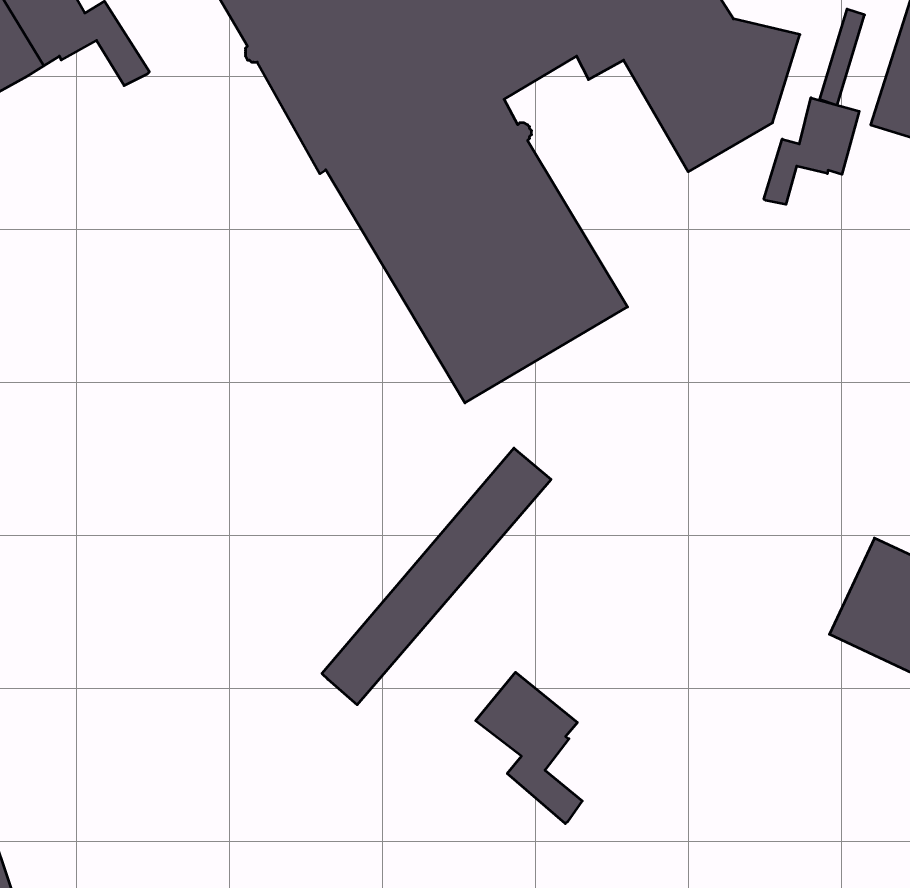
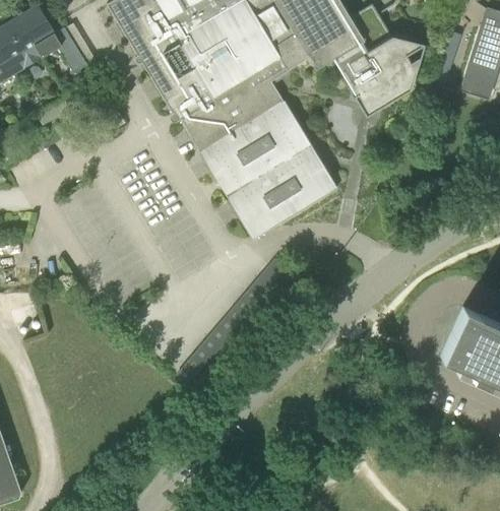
building: [764,98,859,204] -> none
building: [476,672,582,824] -> none

